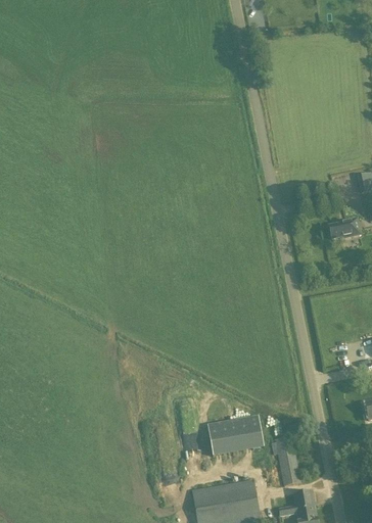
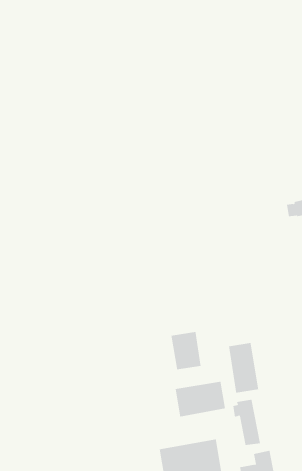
building: none -> [171,331,201,370]
building: none -> [228,342,259,394]

